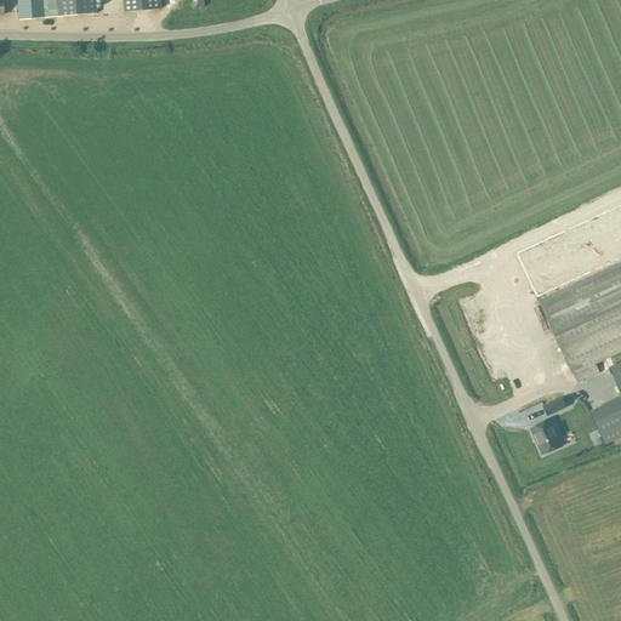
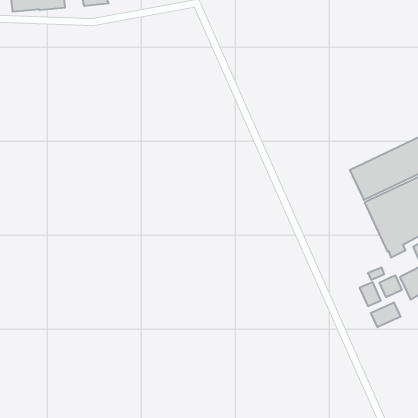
building: none -> [380,275,402,297]
building: none -> [371,302,401,327]

